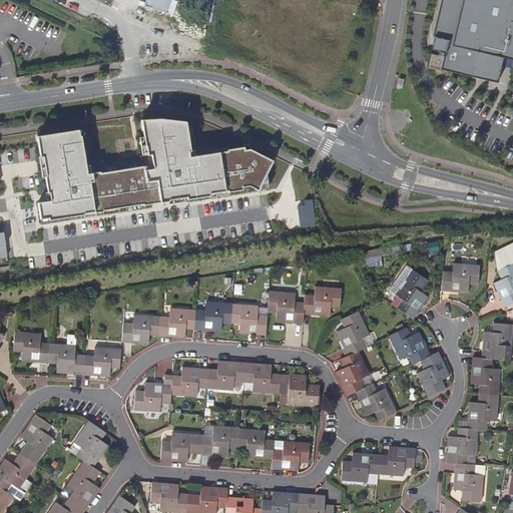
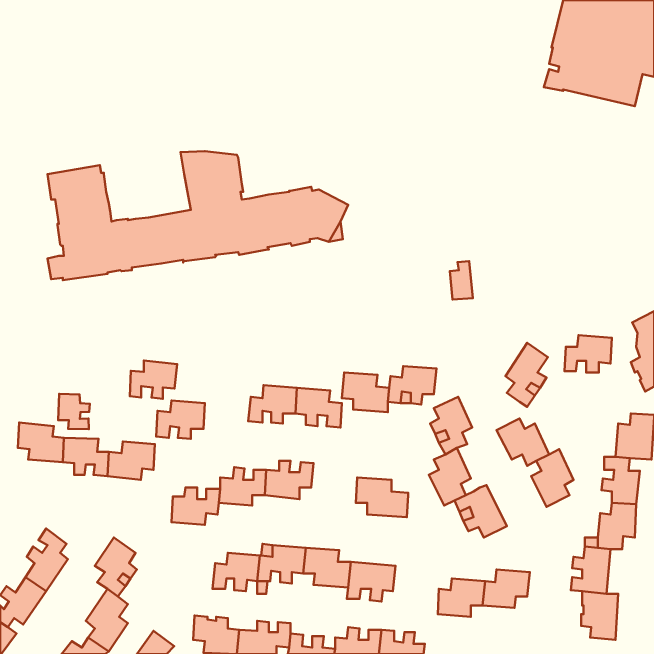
building: [298,198,316,228] -> [450,261,473,299]
building: [159,308,196,338] -> [130,360,177,399]
building: none -> [58,394,90,429]
building: [243,363,280,394] -> none

